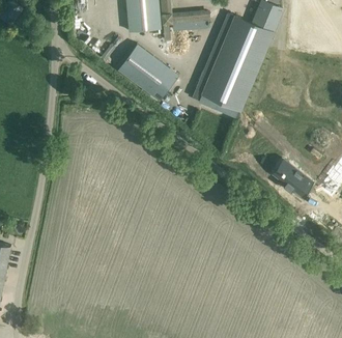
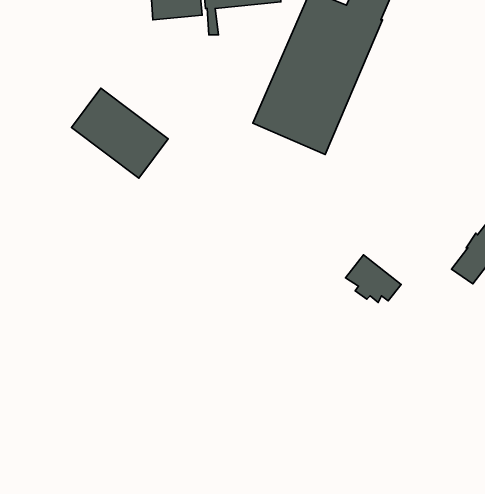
building: [117,45,178,102] -> [71,88,168,178]
building: [277,164,312,194] -> [345,255,401,302]

